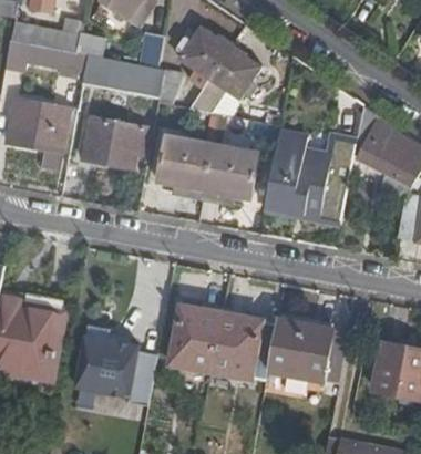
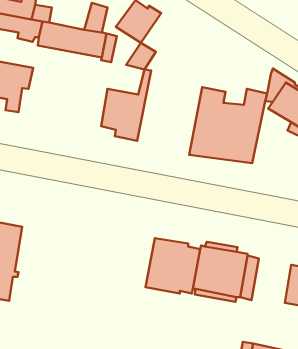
building: [205,43,257,97] -> none
building: [201,112,257,202] -> none
building: [82,114,145,166] -> none
building: [172,306,222,371] -> none
building: [76,326,156,406] -> none

